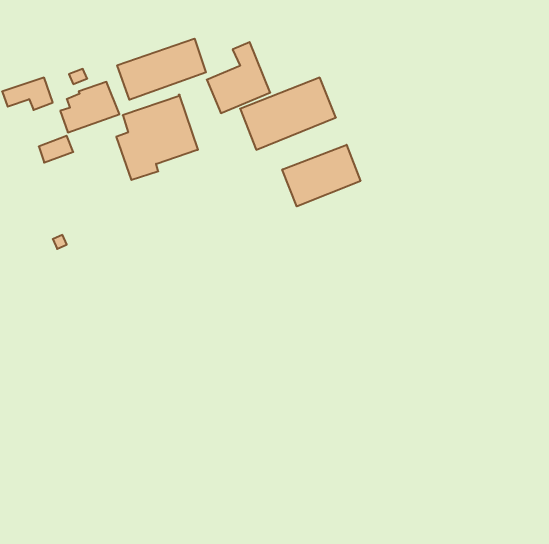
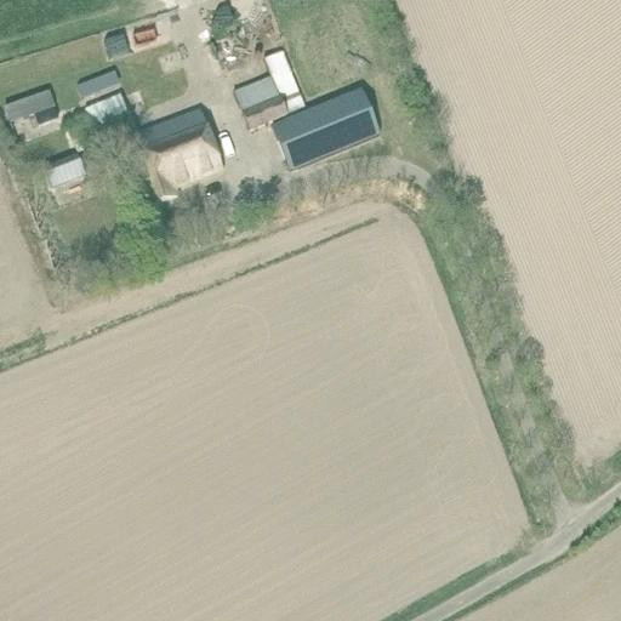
building: [117,39,206,100] -> none
building: [282,145,360,206] -> none

